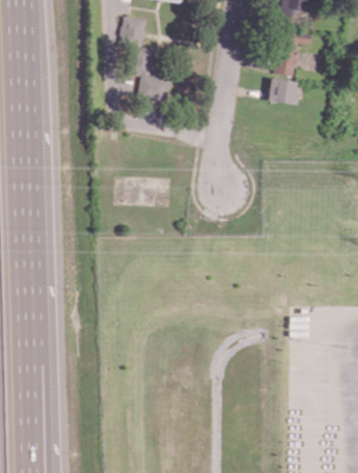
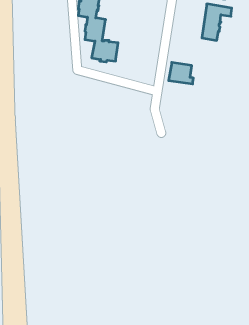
building: [270,78,301,105] -> [169,62,193,84]

